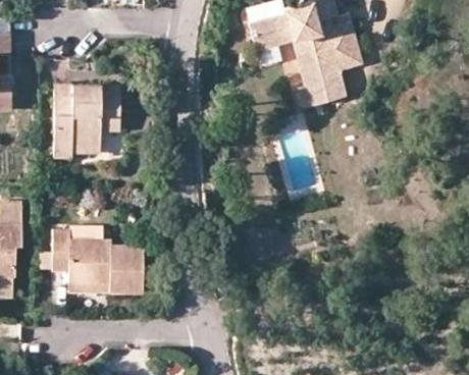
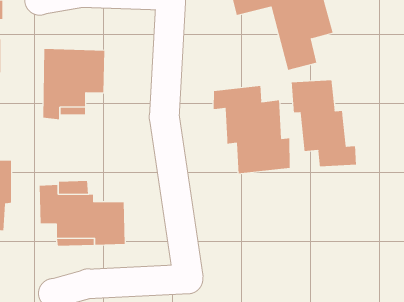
building: none -> [291,80,357,167]
building: none -> [213,85,290,174]

